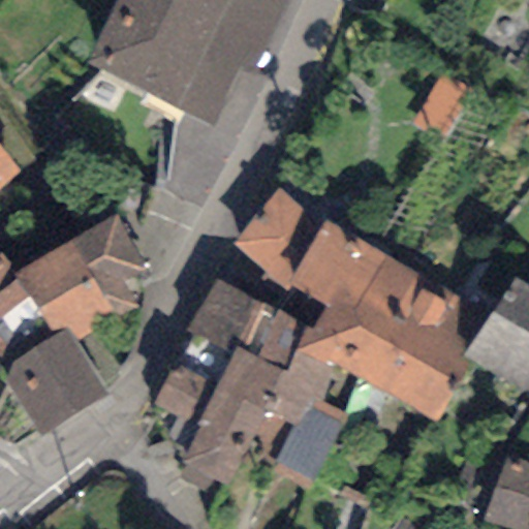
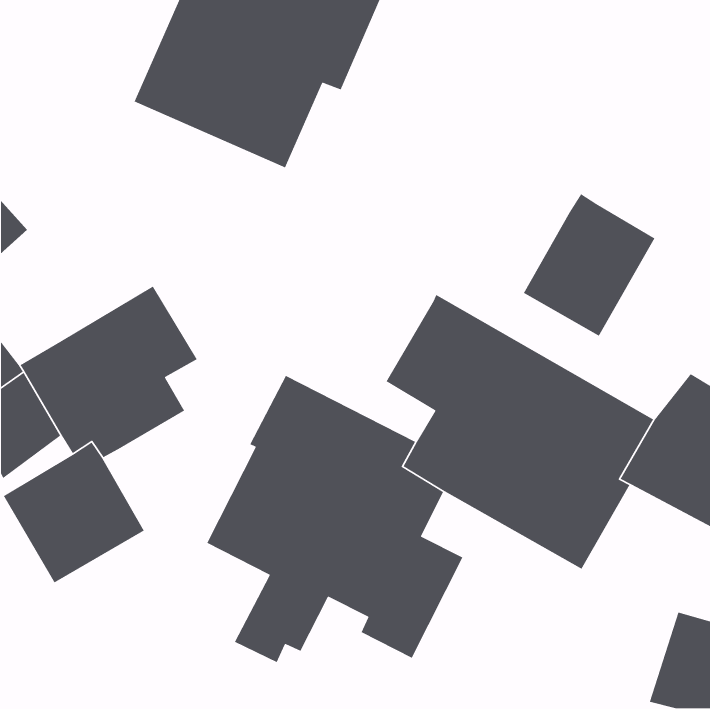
building: none -> [523,193,656,337]
building: [234,187,322,290] -> none

